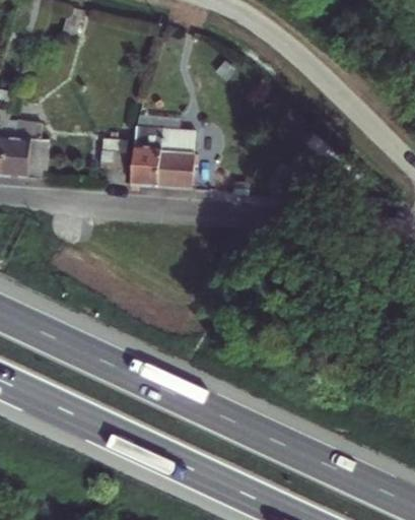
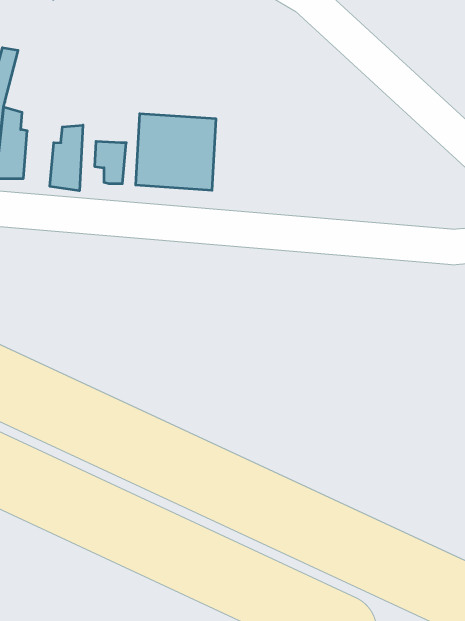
building: none -> [50,125,83,191]

